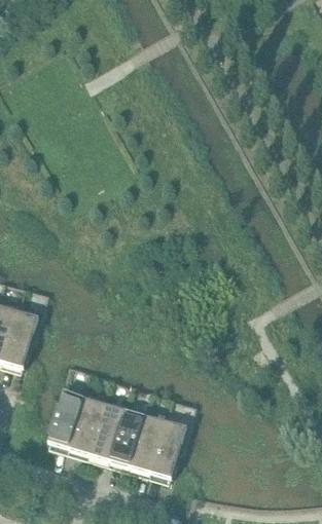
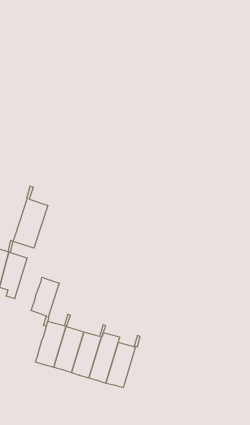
building: none -> [13,186,48,248]
building: none -> [31,277,59,326]
building: [150,420,185,476] -> none

